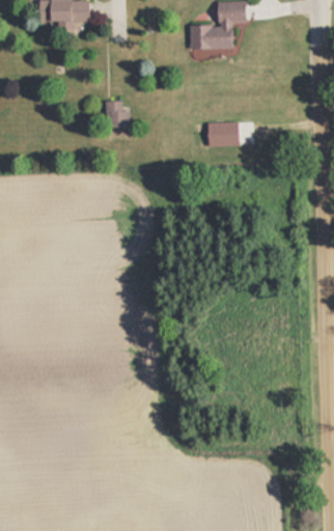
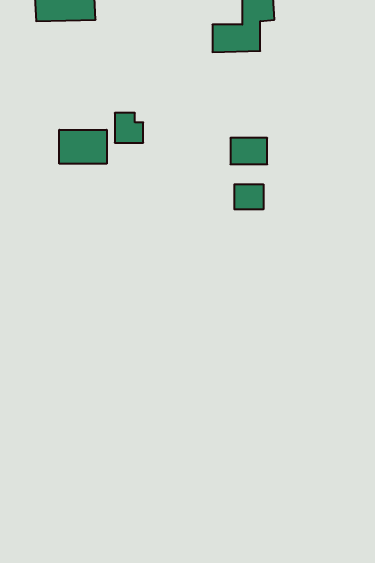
building: none -> [59,130,107,164]
building: none -> [234,184,263,209]

